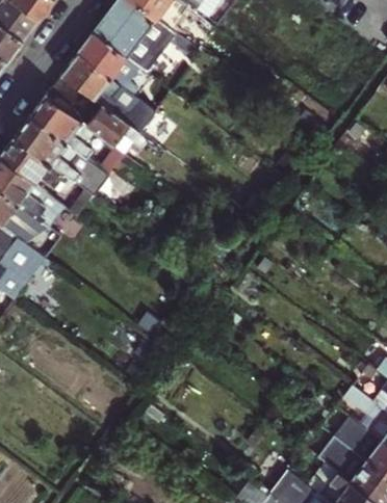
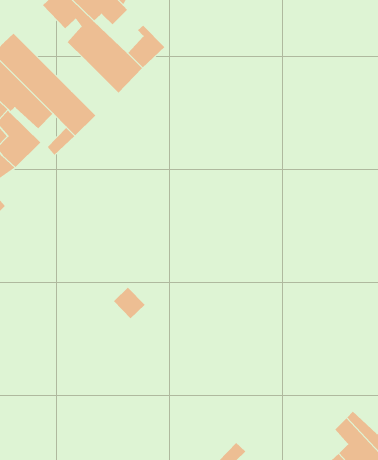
building: [29,96,92,157] -> none

